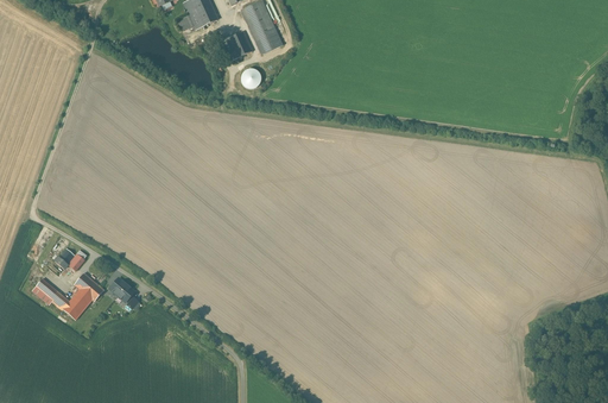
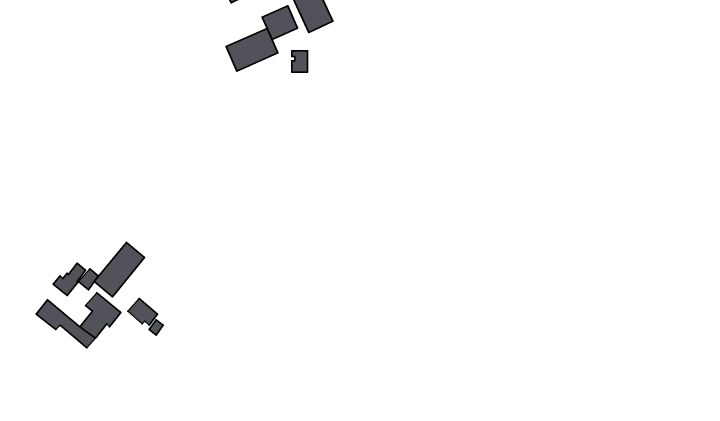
building: none -> [226,28,278,71]
building: none -> [94,242,145,297]

